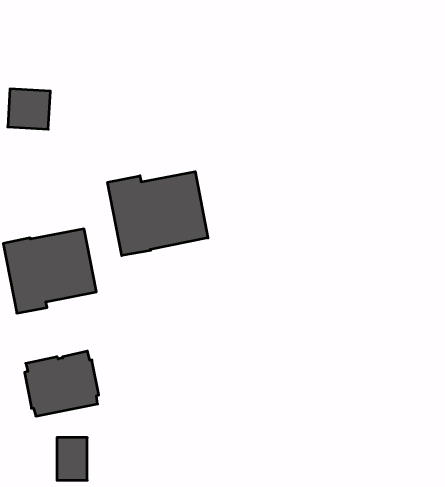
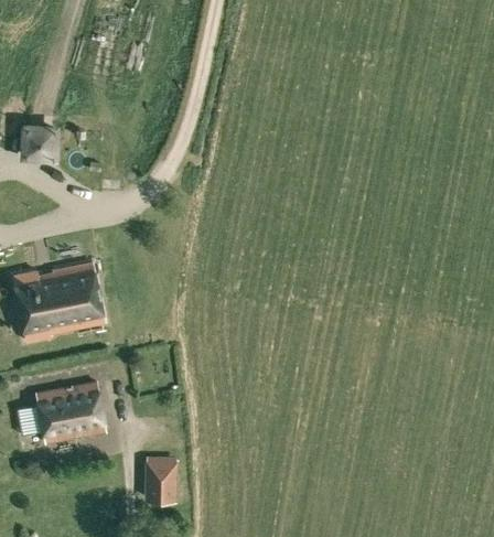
building: [108,172,208,256] -> none
building: [57,438,87,480] -> [146,460,175,502]

